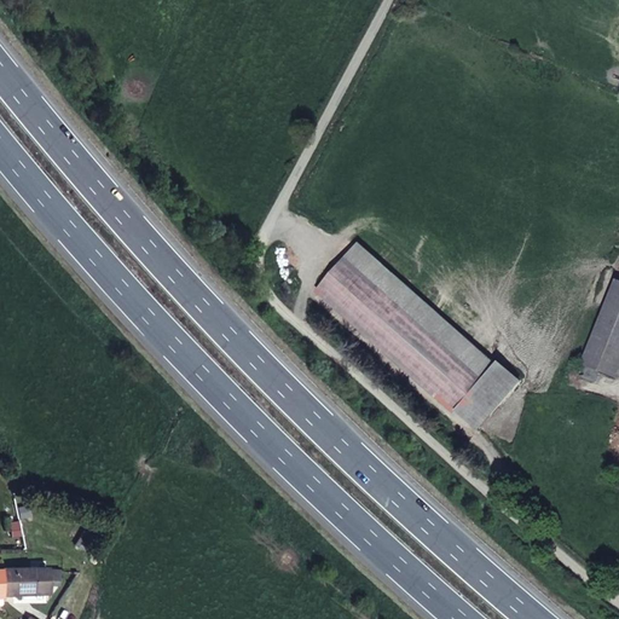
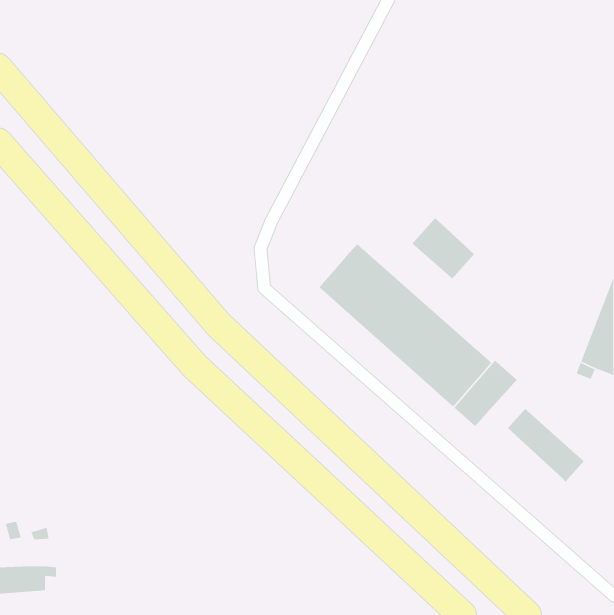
building: none -> [412,217,475,280]
building: none -> [507,408,585,483]

